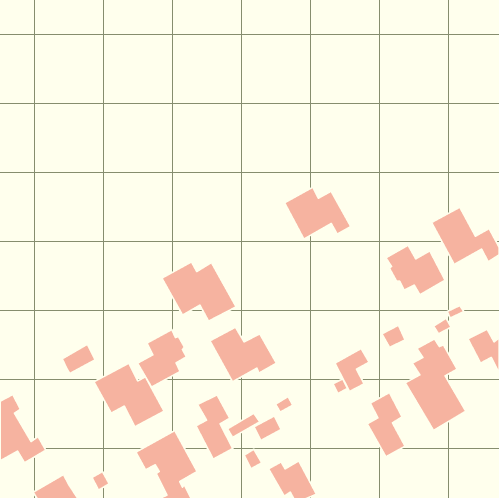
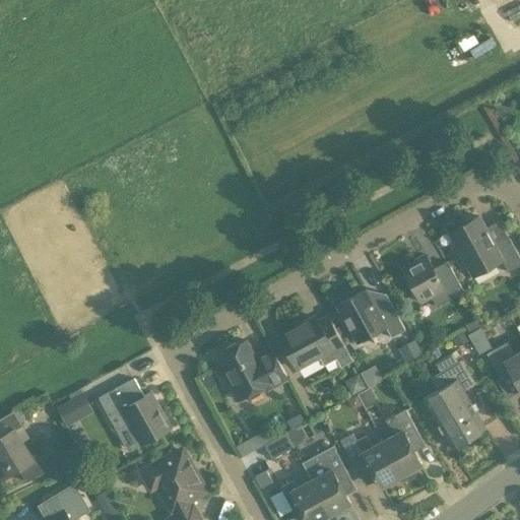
building: [284,187,351,239] -> [336,289,405,343]
building: [162,262,236,321] -> none
building: none -> [278,316,352,369]
building: [137,329,187,387] -> none
building: [62,344,95,374] -> [59,392,93,422]
building: [196,395,233,459] -> [311,448,349,515]
building: none -> [340,434,401,486]

